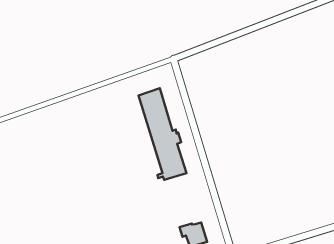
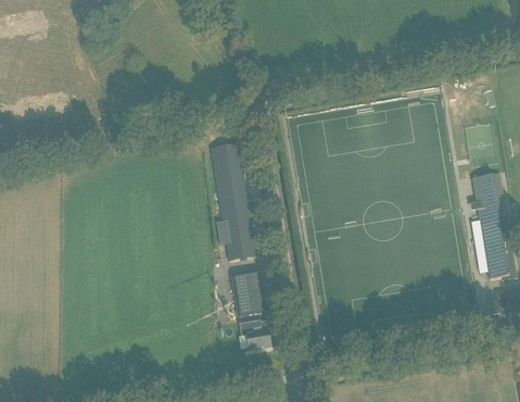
building: none -> [229,273,264,315]

